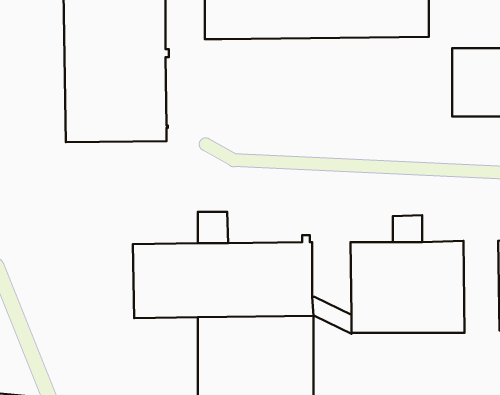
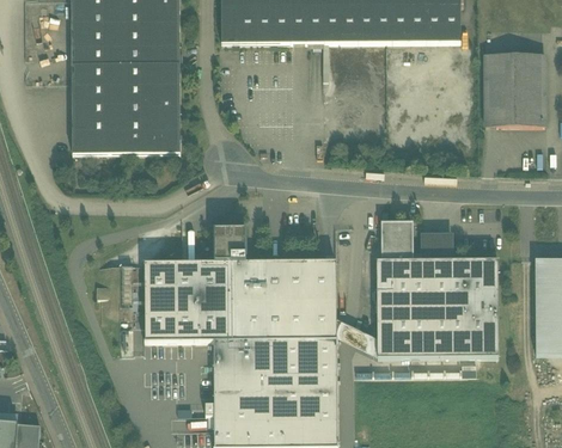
building: none -> [383,221,422,259]

